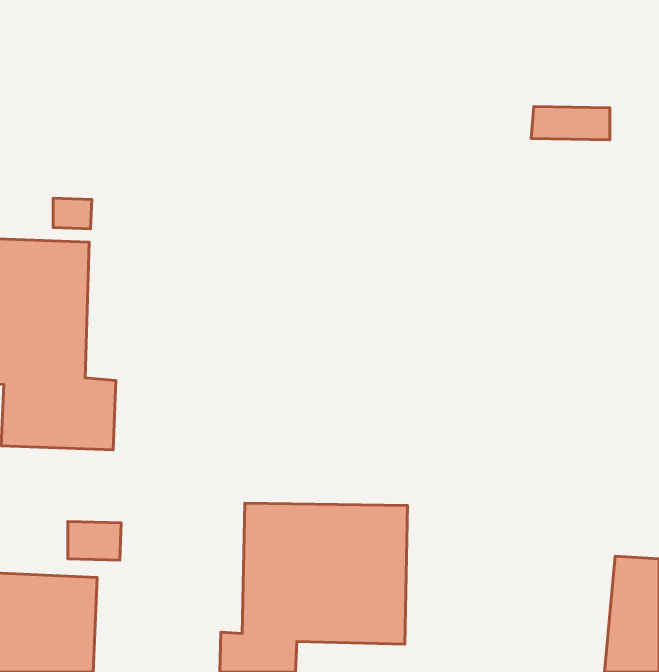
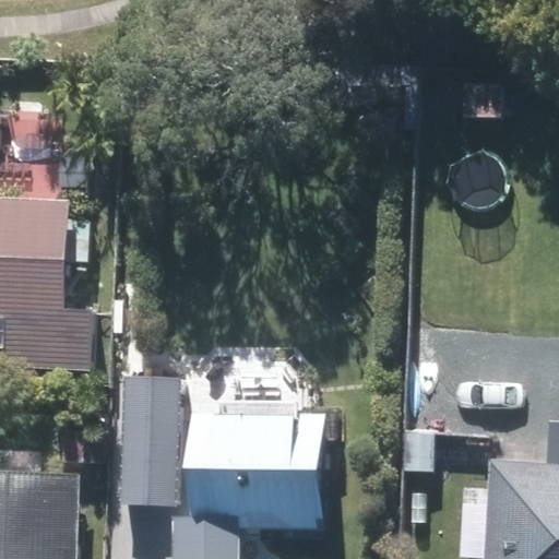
building: none -> [105,395,175,543]

